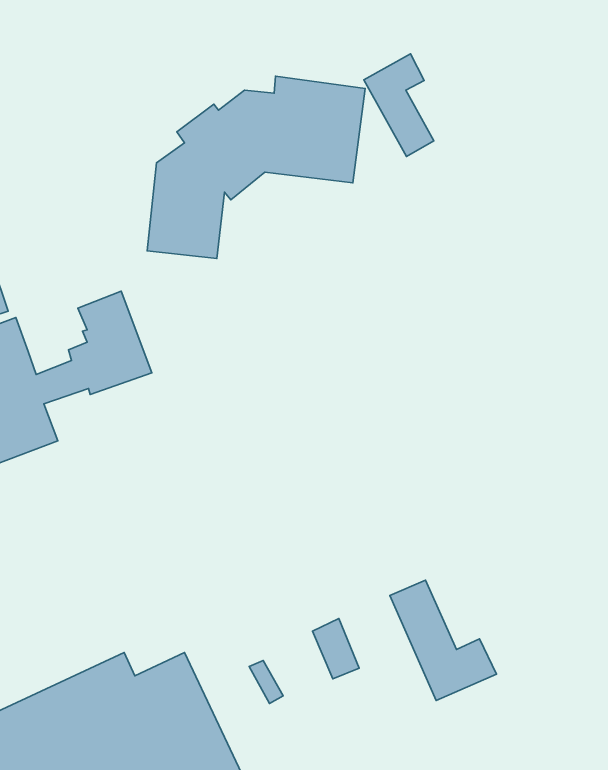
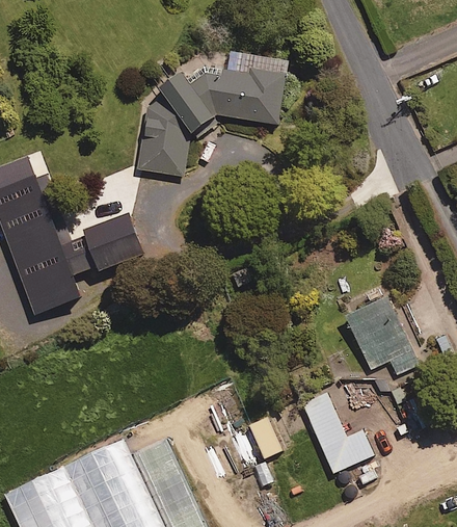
building: [364,54,434,156] -> none
building: none -> [348,300,415,375]

